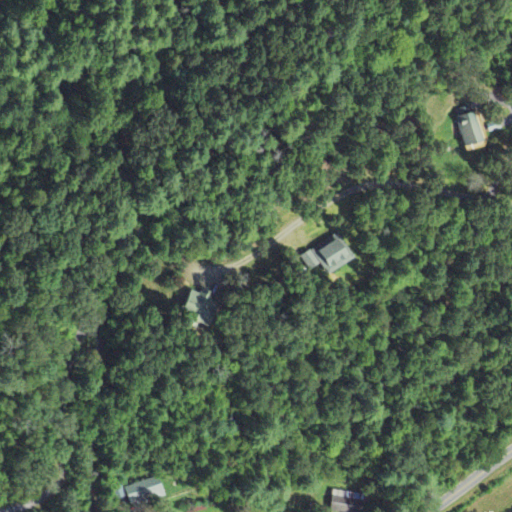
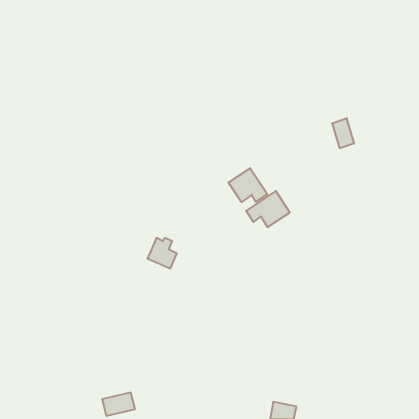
building: [456,111,483,147] -> [332,118,354,148]
building: none -> [229,168,267,202]

